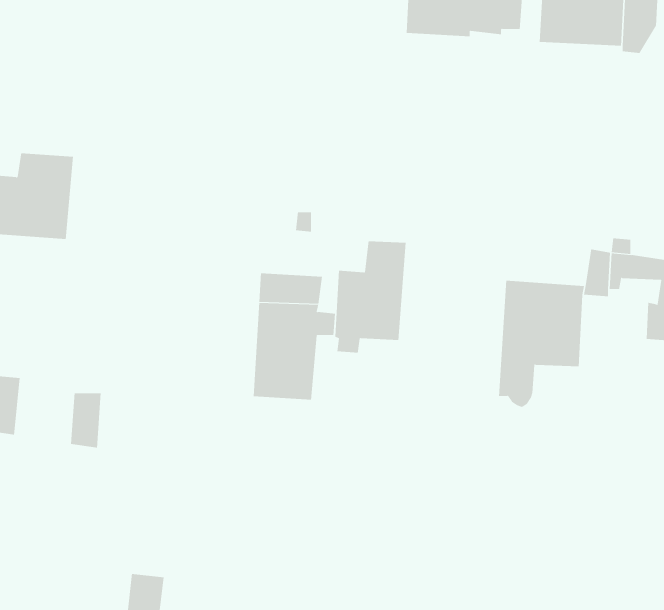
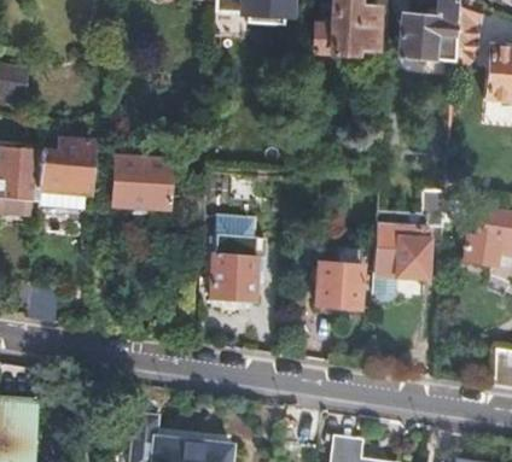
building: none -> [115,150,171,207]
building: [335,241,407,353] -> [315,240,362,314]

